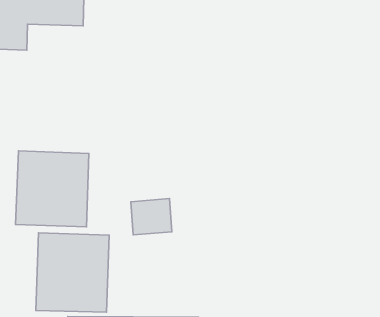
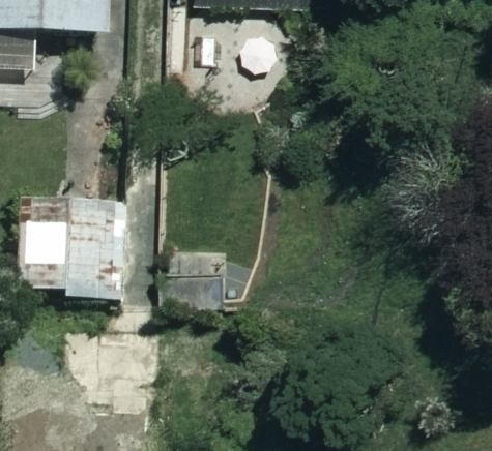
building: [36,233,109,312] -> none

